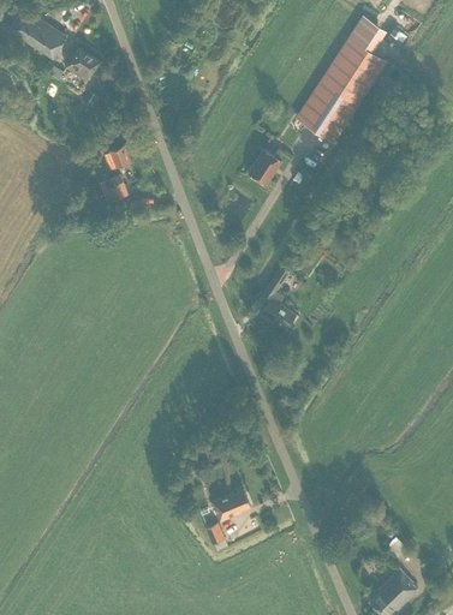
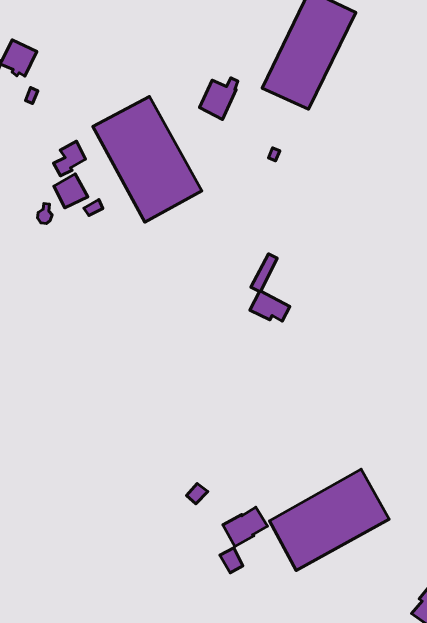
building: none -> [93,97,202,222]
building: [248,149,285,185] -> [199,78,238,120]
building: none -> [269,469,389,571]

